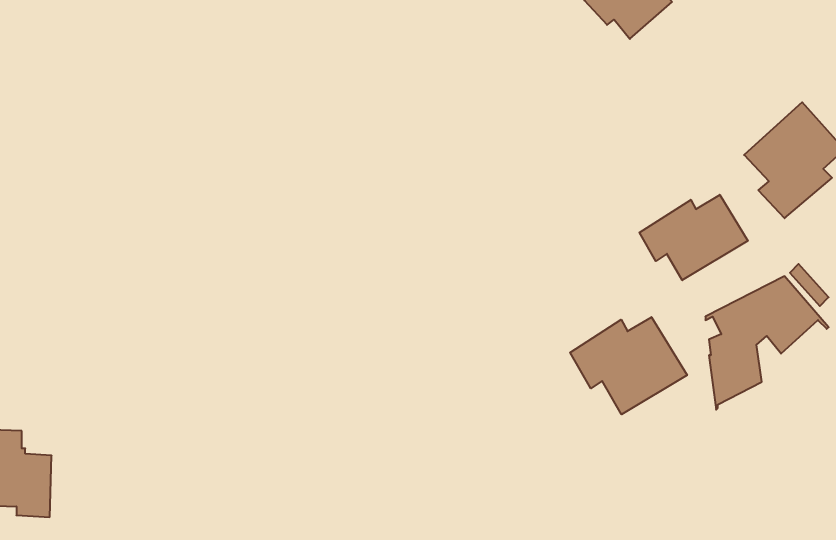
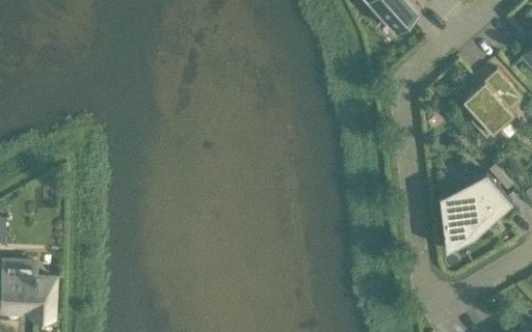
building: [639,195,748,280] -> none
building: [570,317,687,414] -> none

